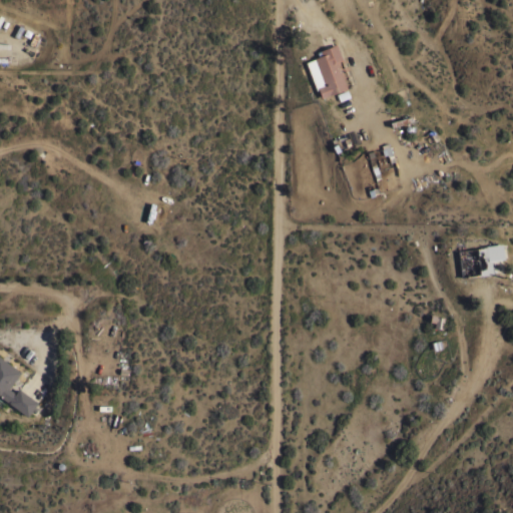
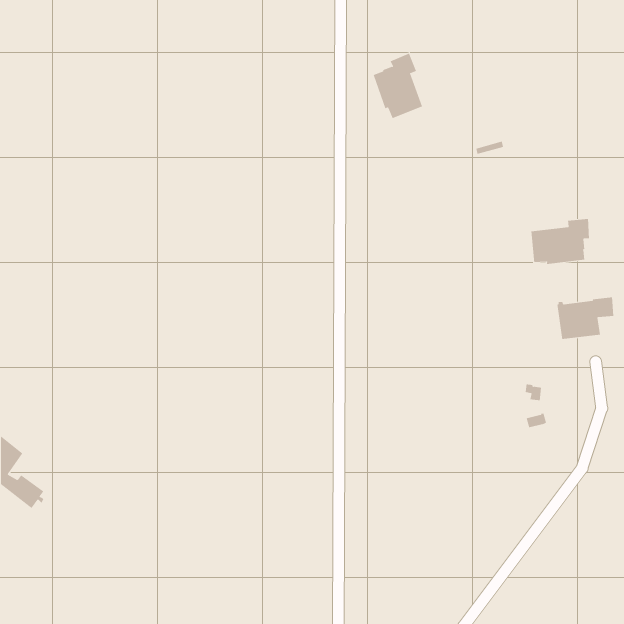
building: none -> [531,218,590,265]

